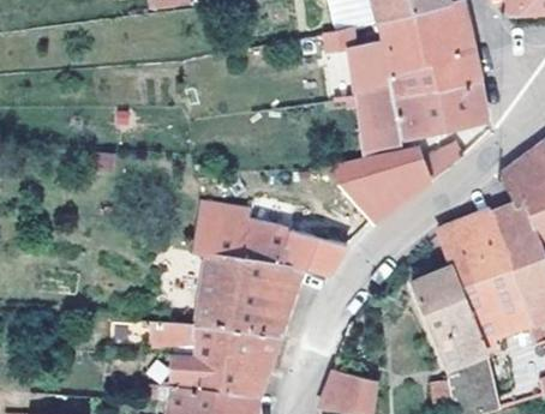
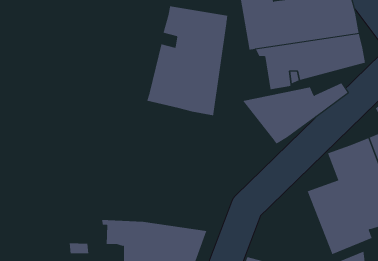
building: none -> [146,6,228,116]
building: [192,202,348,335] -> none

